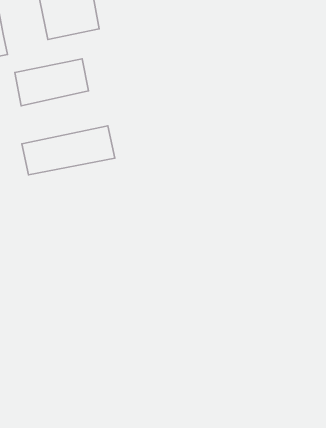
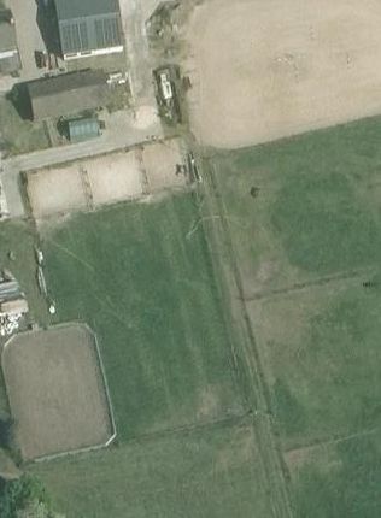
building: [22,126,115,175] -> none

